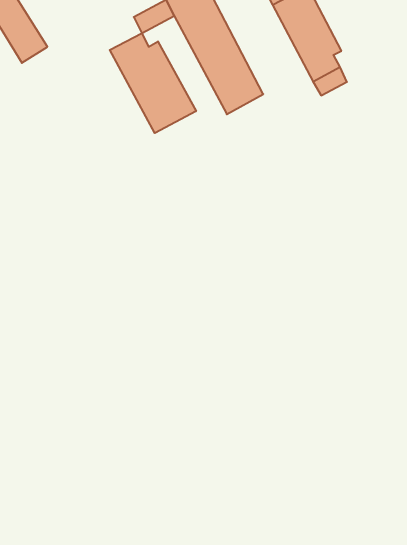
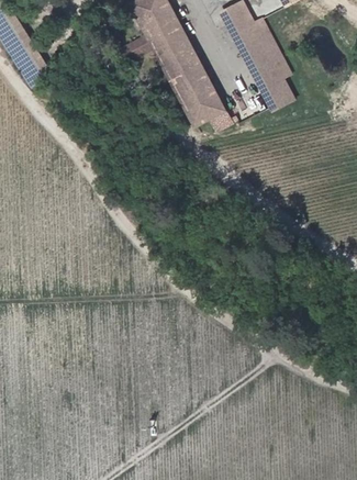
building: [110,33,196,133] -> none

